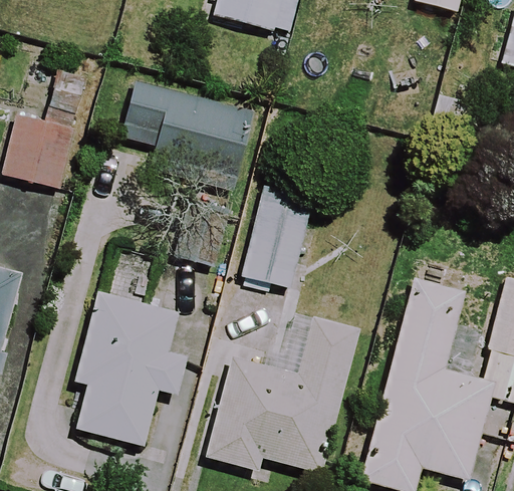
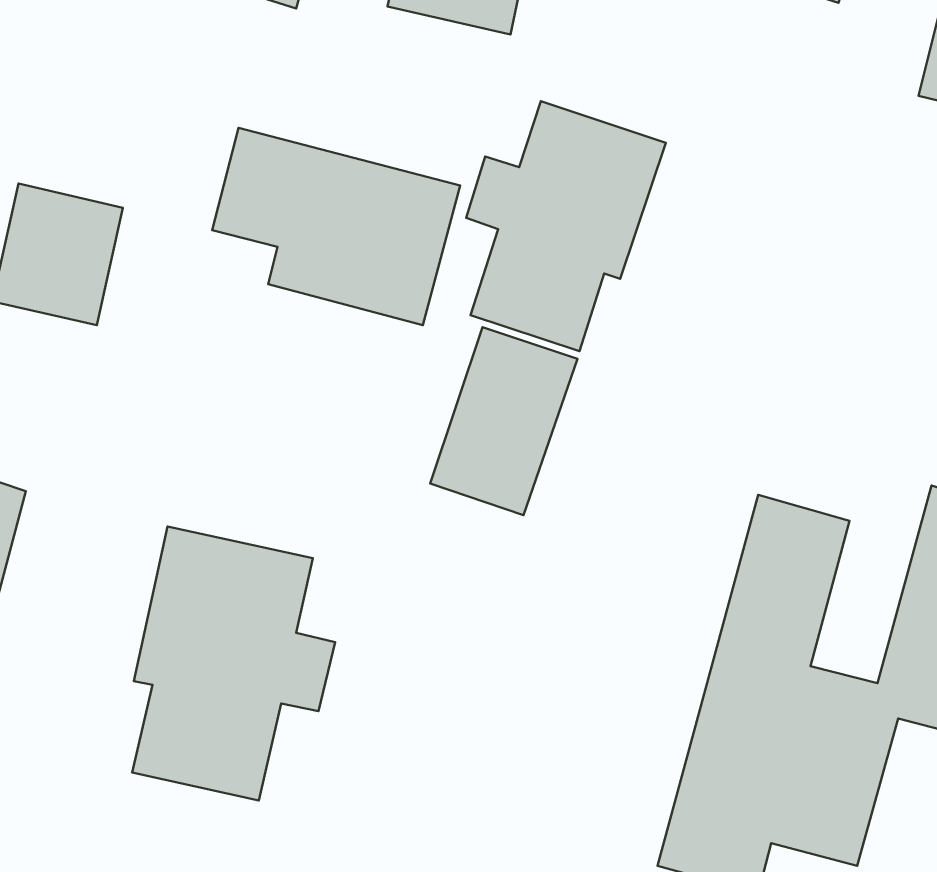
building: none -> [466,101,666,351]
building: [204,313,358,472] -> none

